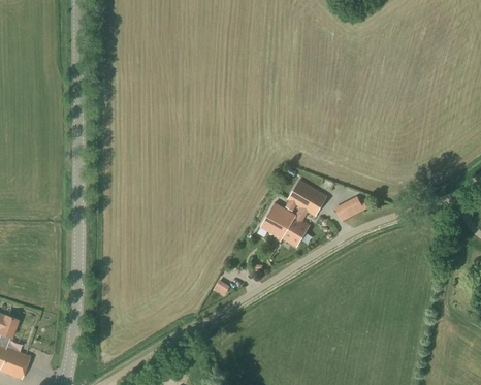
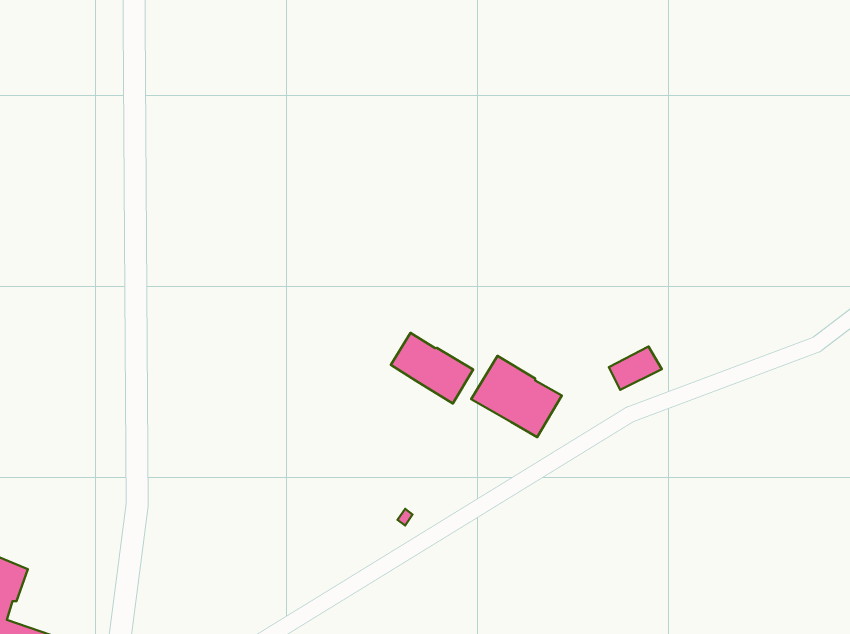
building: [286,180,327,216] -> none
building: none -> [391,333,473,404]

